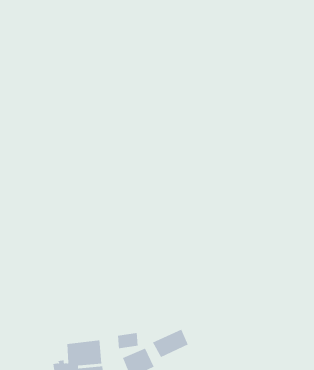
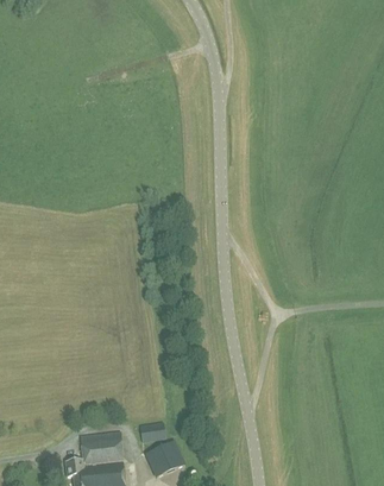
building: [152,329,189,358] -> none

